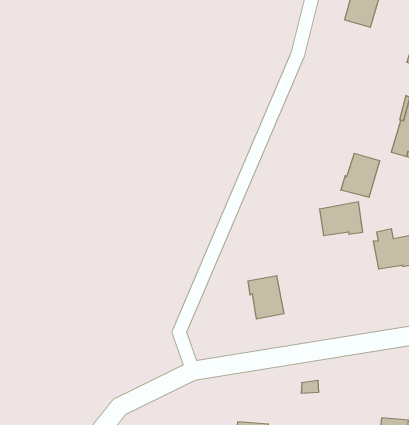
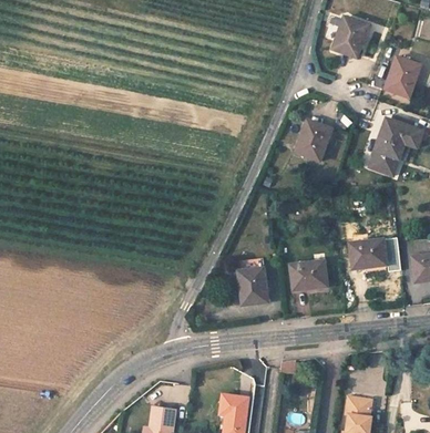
building: [341,153,380,197] -> [296,122,331,161]
building: [319,202,363,236] -> [290,261,327,289]

